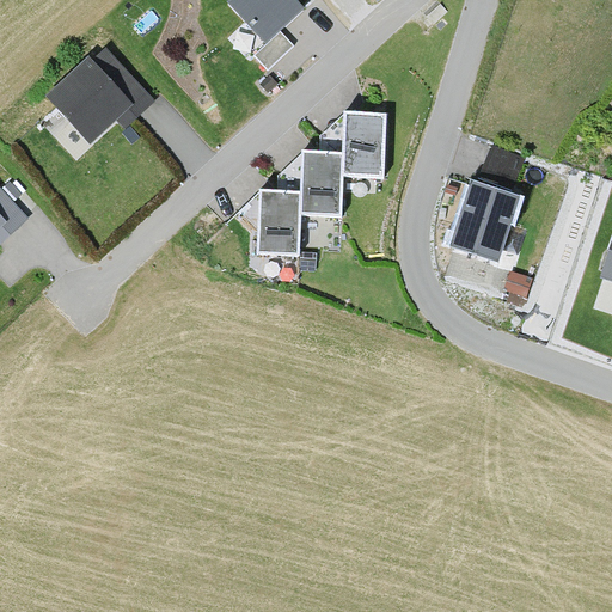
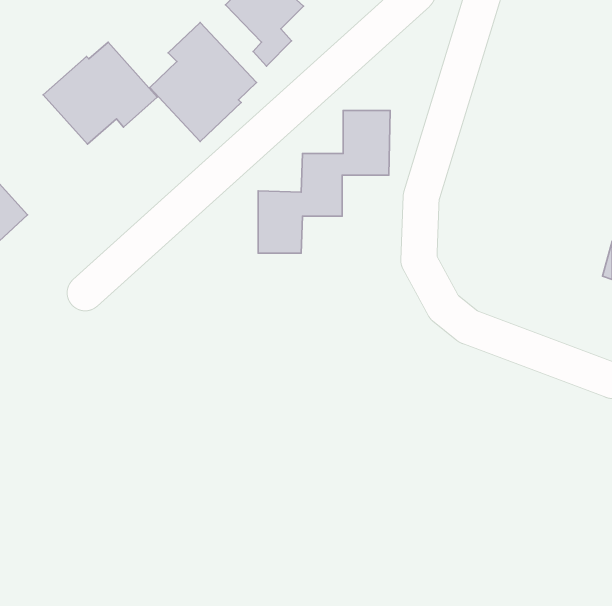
building: none -> [150,23,257,141]
building: [448,180,519,263] -> none

